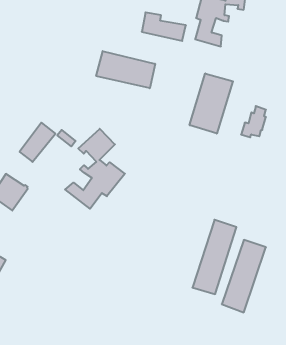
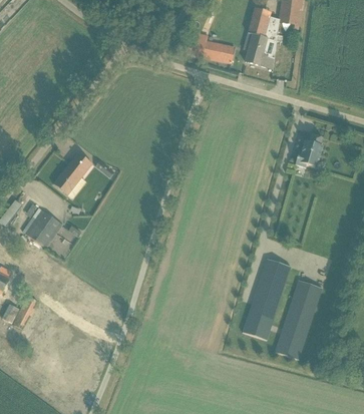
building: [96,51,155,88] -> none
building: [190,73,233,134] -> none
building: [65,129,125,209] -> none

